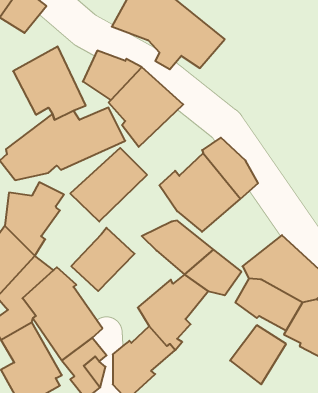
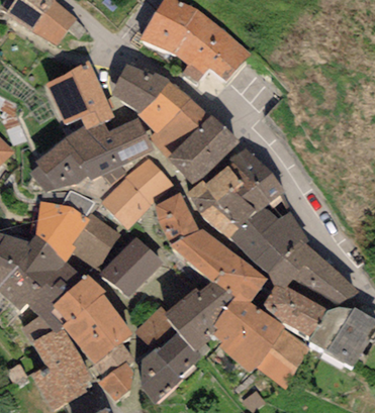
building: none -> [166,115,237,184]
building: none -> [155,192,198,243]
building: none -> [227,207,308,273]
building: none -> [71,213,129,273]
building: none -> [211,297,284,371]
building: none -> [134,306,176,349]

